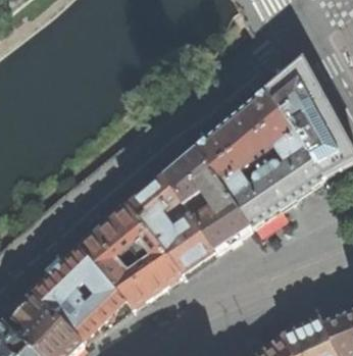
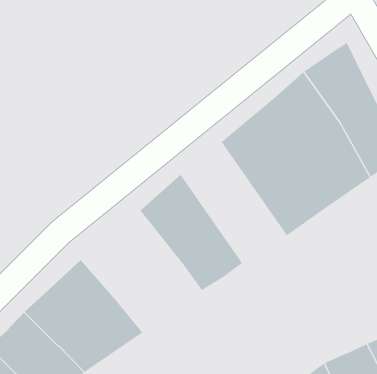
building: [164,150,253,251] -> none
building: [81,207,182,309] -> none

